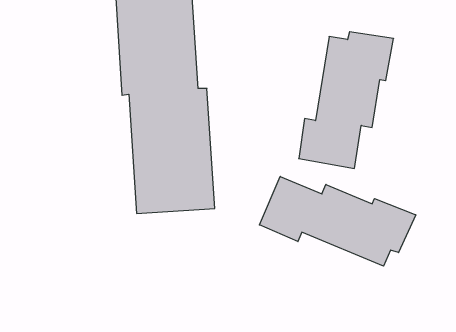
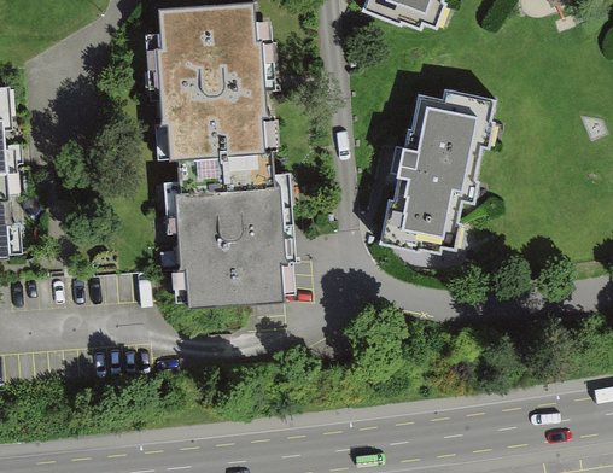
building: [259,176,416,266] -> none

